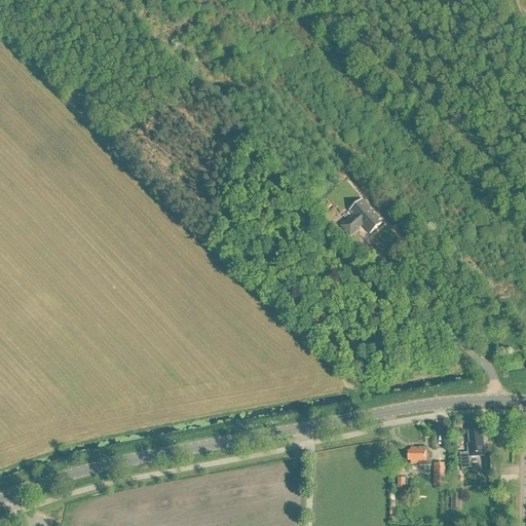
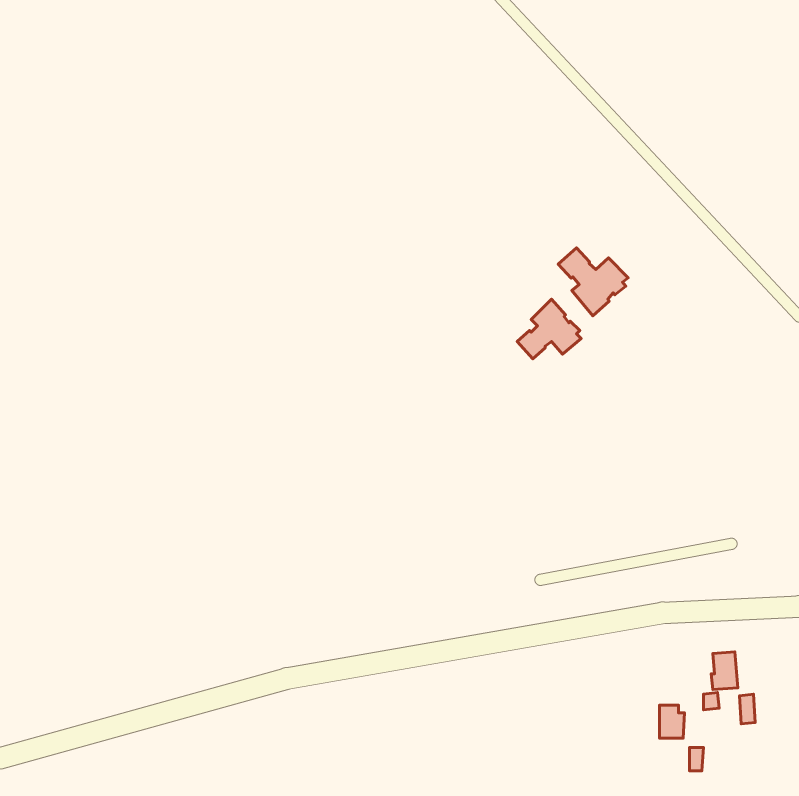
building: none -> [558,248,628,316]
building: [407,446,431,464] -> none

